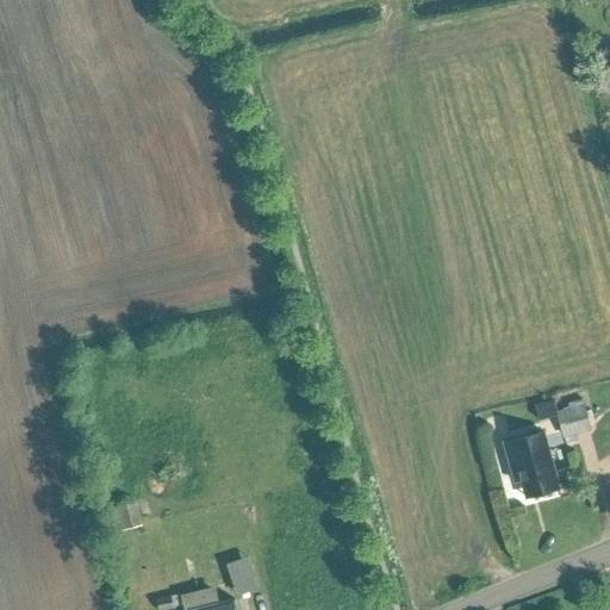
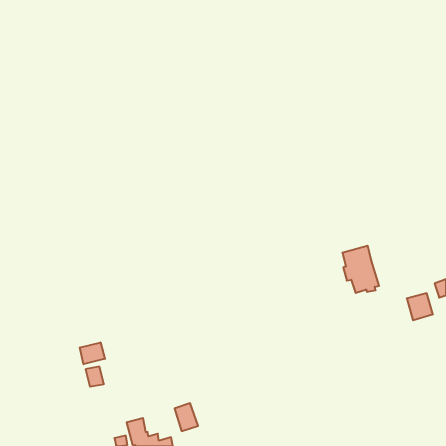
building: [508,434,558,498] -> [342,246,379,293]
building: none -> [80,342,105,364]

